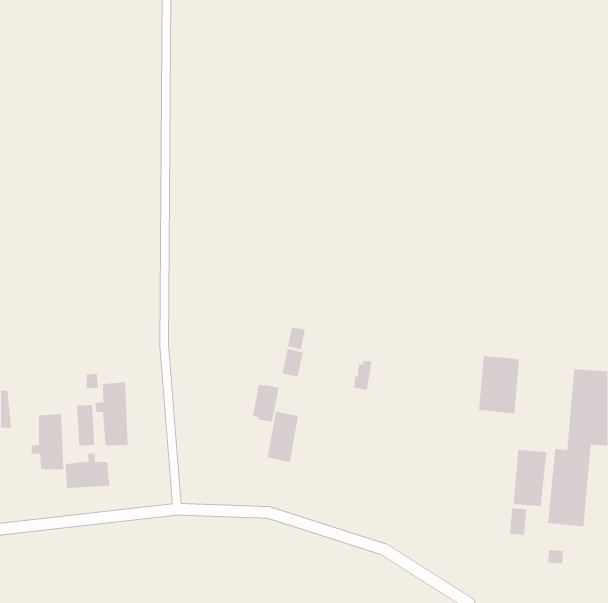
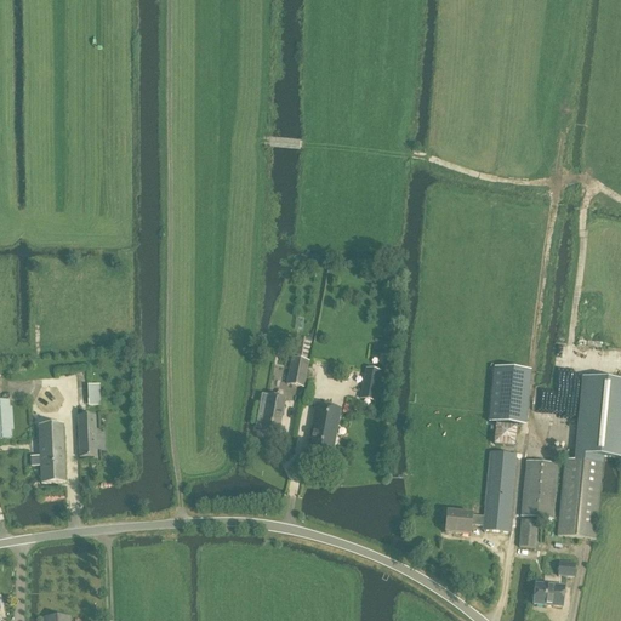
building: [95,381,128,446] -> none
building: [267,411,299,462] -> [308,401,341,454]
building: none -> [445,450,515,532]
building: [65,452,110,489] -> none
building: none -> [534,581,565,604]

